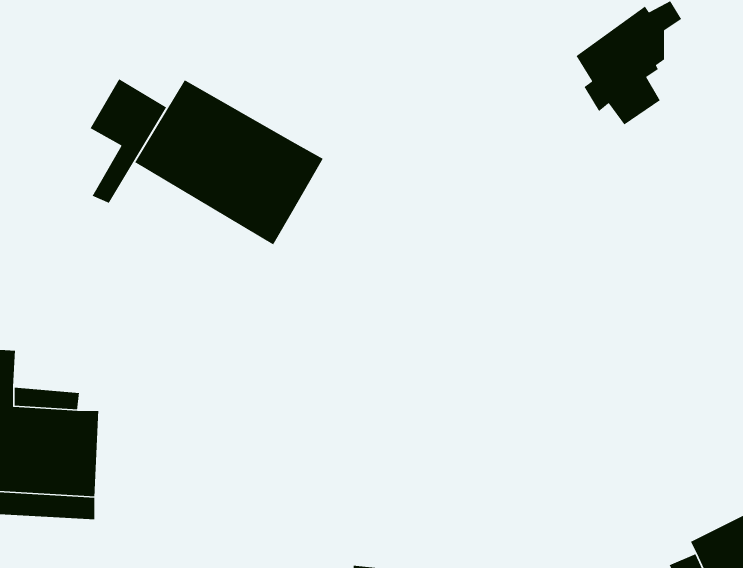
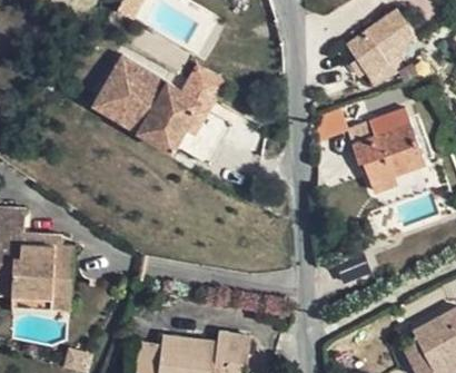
building: [90,78,167,204] -> [184,63,228,136]
building: none -> [346,122,425,193]

